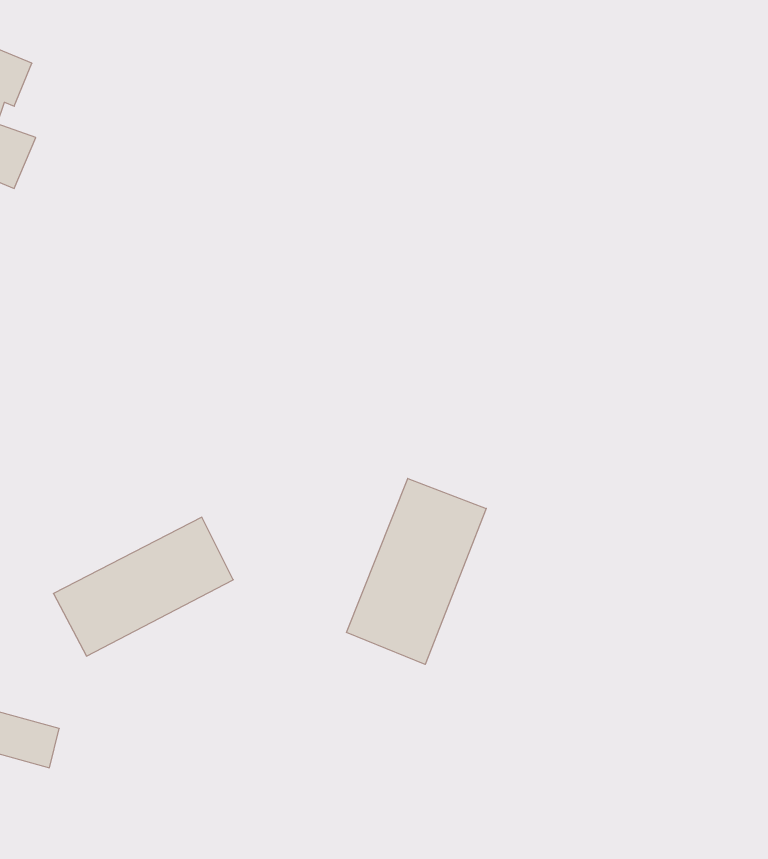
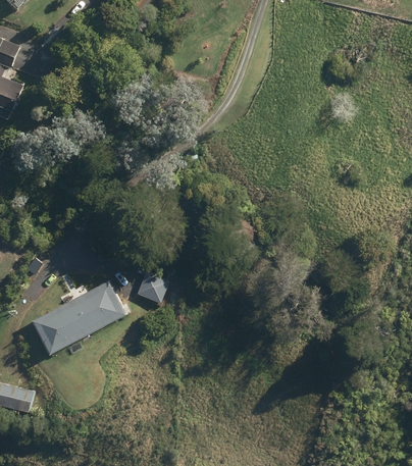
building: [346,478,486,664] -> none
building: none -> [138,271,169,302]

